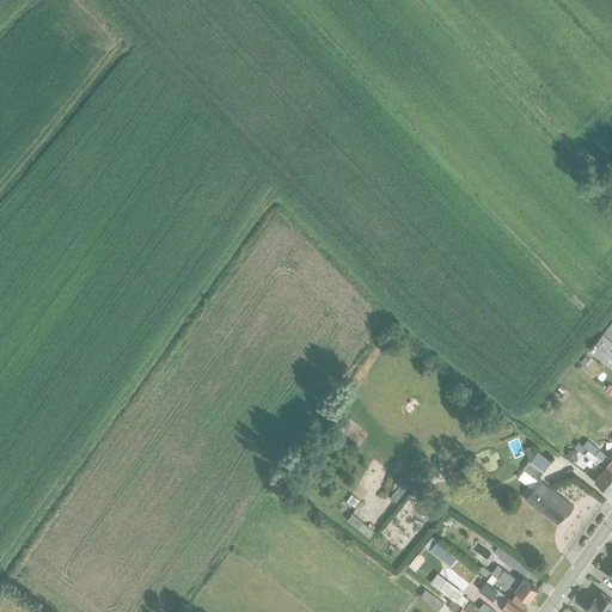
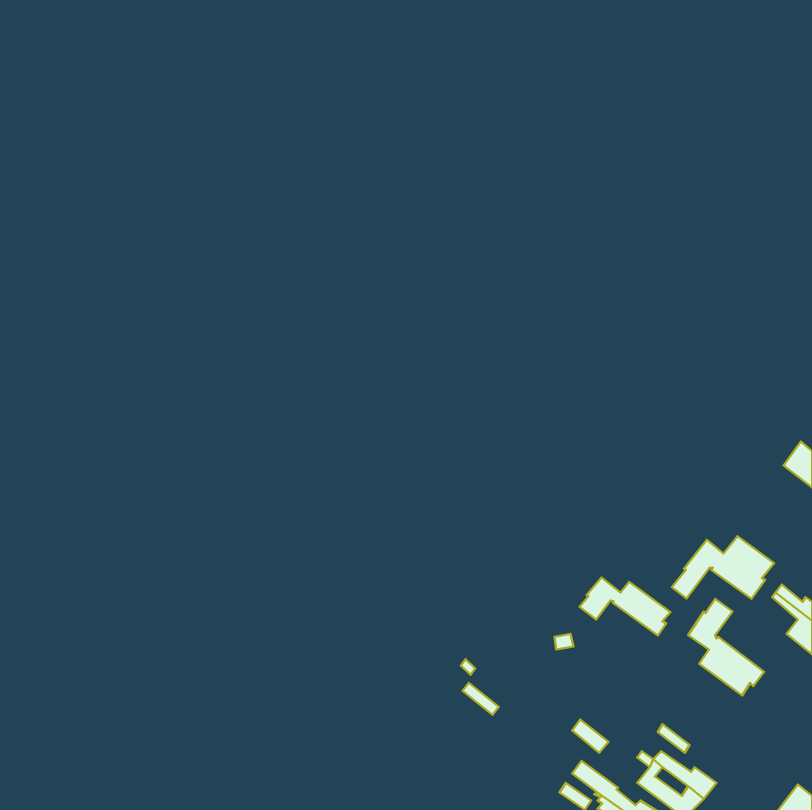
building: none -> [672,536,774,599]
building: none -> [580,578,671,635]

